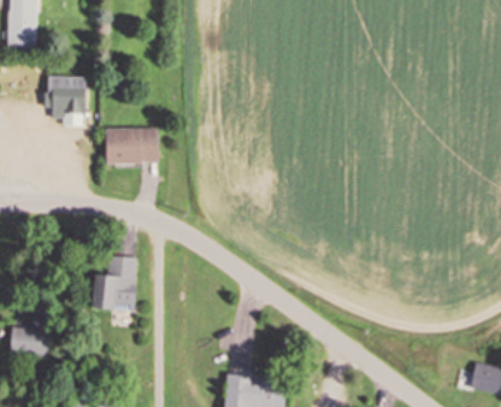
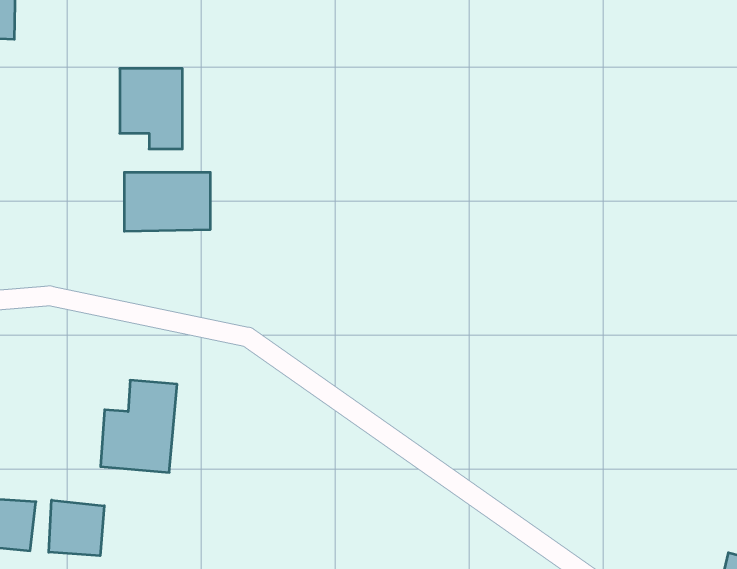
building: [47,77,86,126] -> [120,69,182,149]
building: none -> [49,500,104,556]

